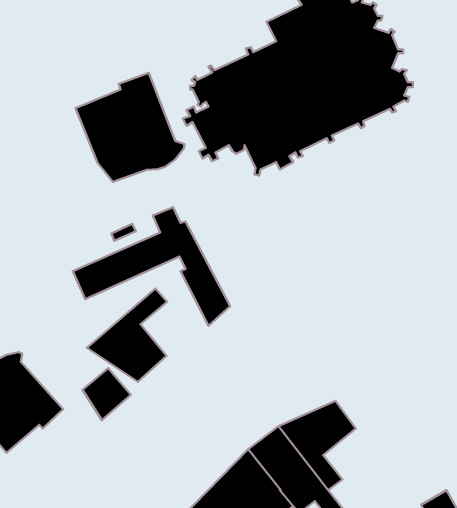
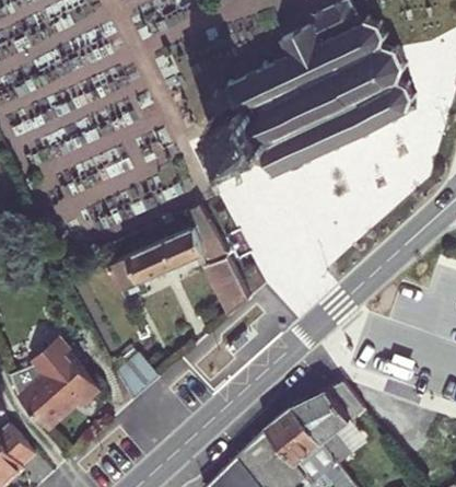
building: [76,73,184,182] -> none
building: [87,289,167,382] -> none

